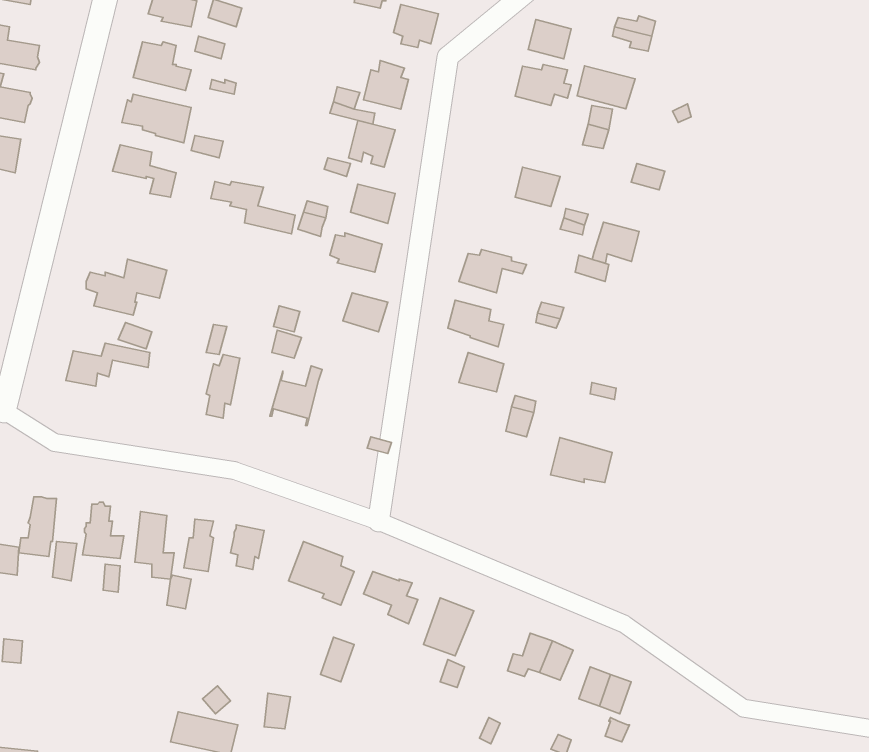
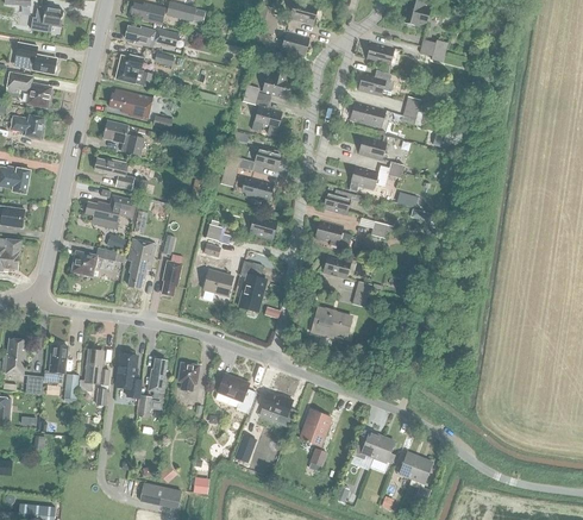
building: [577,66,635,109] -> [349,100,385,127]
building: [211,182,295,234] -> [93,158,146,192]
building: [592,222,639,263] -> [347,164,377,190]
building: none -> [126,238,155,287]
building: none -> [238,261,265,309]
building: [550,438,612,482] -> [311,307,350,336]

